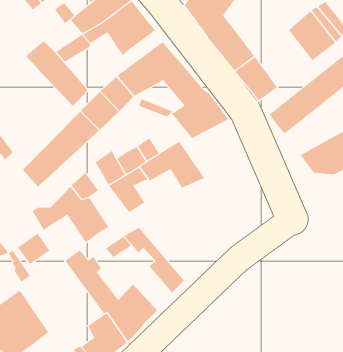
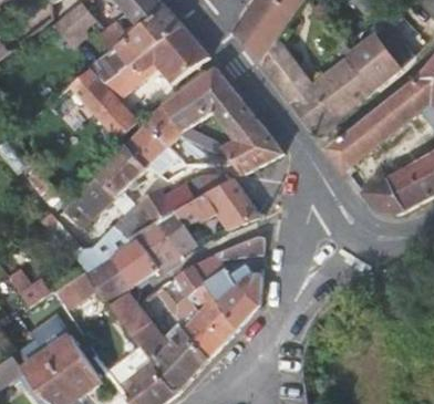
building: none -> [312,58,373,118]
building: none -> [135,224,177,268]
building: none -> [188,232,261,325]
building: none -> [85,256,131,301]
building: none -> [176,304,224,358]

